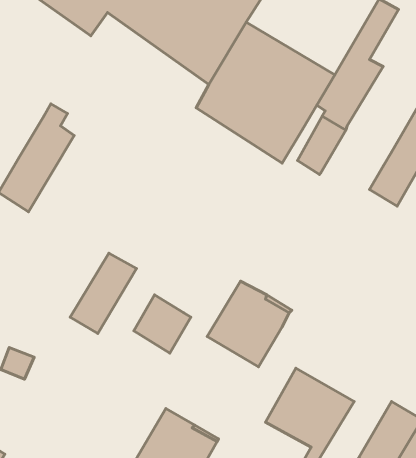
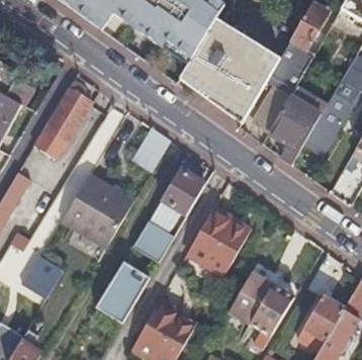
building: none -> [269,96,321,165]
building: none -> [131,127,171,172]
building: none -> [148,168,205,233]
building: none -> [61,174,114,236]
building: none -> [96,261,150,323]

